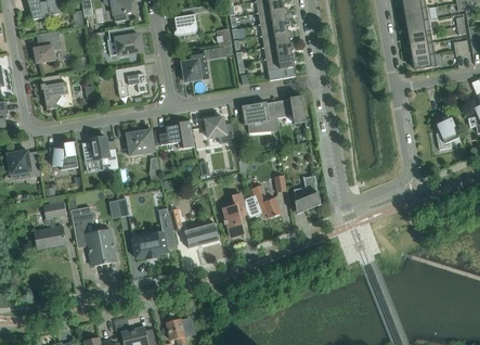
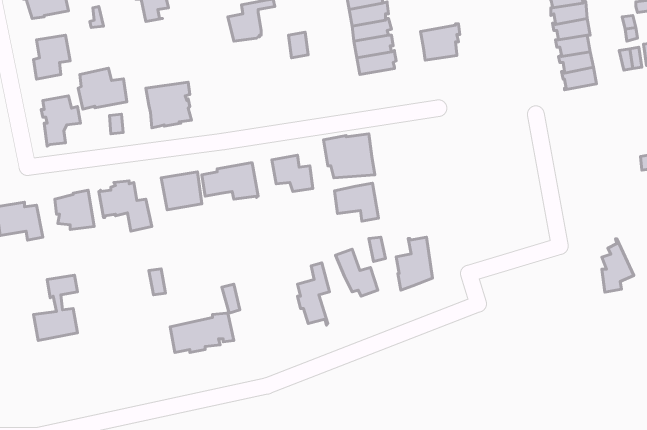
building: [107,26,142,55] -> [78,68,127,109]
building: [182,49,208,81] -> none
building: [268,53,296,79] -> [420,24,460,60]
building: [274,95,306,123] -> [335,183,379,221]
building: [437,111,459,149] -> [602,239,634,292]
building: [70,206,116,265] -> none
building: [184,221,220,247] -> none

